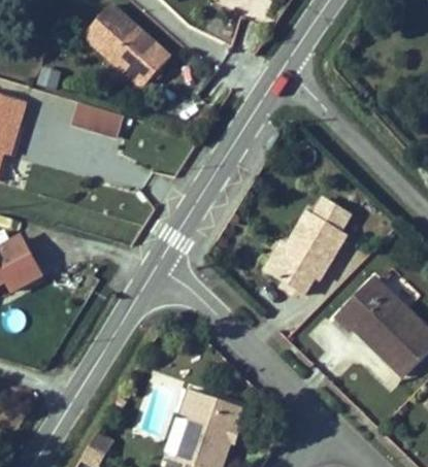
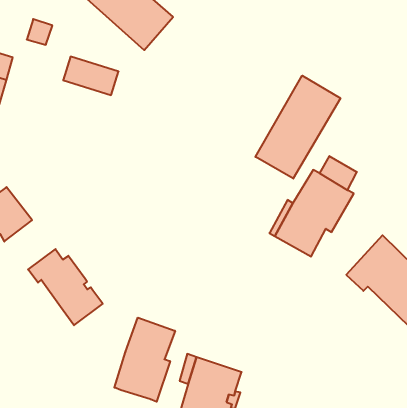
building: none -> [255,76,340,179]
building: none -> [28,249,103,325]
building: none -> [114,318,175,402]

